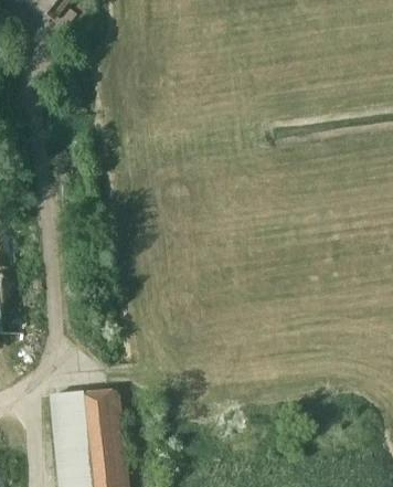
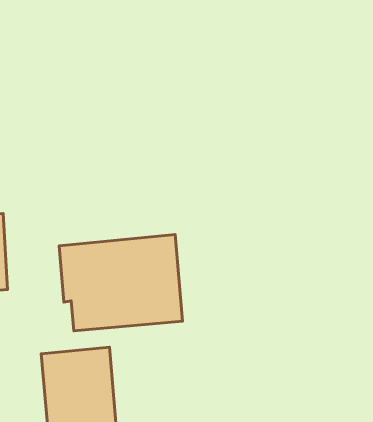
building: none -> [59,235,182,331]

